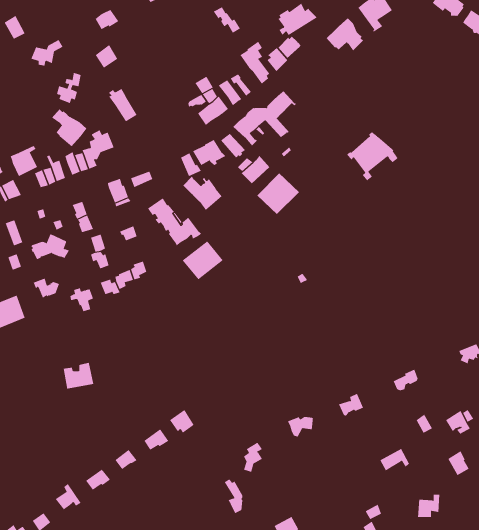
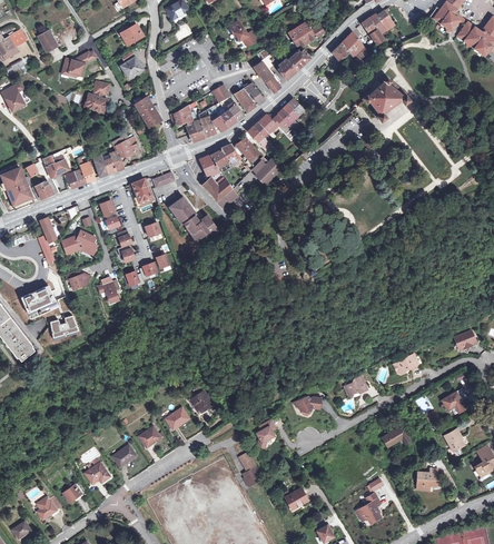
building: none -> [170,103,216,141]
building: [51,109,87,147] -> none
building: [346,131,398,181] -> [363,76,411,121]
building: [256,173,300,215] -> none
building: [182,240,223,280] -> none
building: [63,362,94,389] -> [50,315,79,339]

